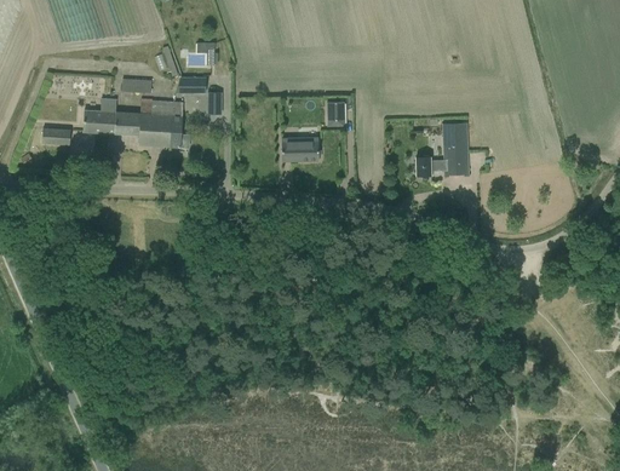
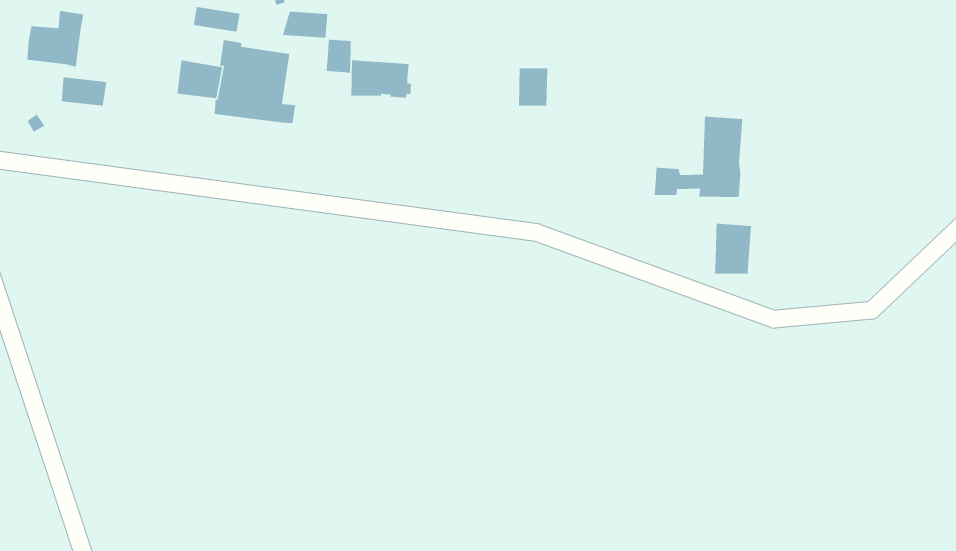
building: [82,99,116,134] -> [26,10,84,68]
building: [281,139,320,162] -> [351,59,412,98]
building: none -> [714,223,752,275]

